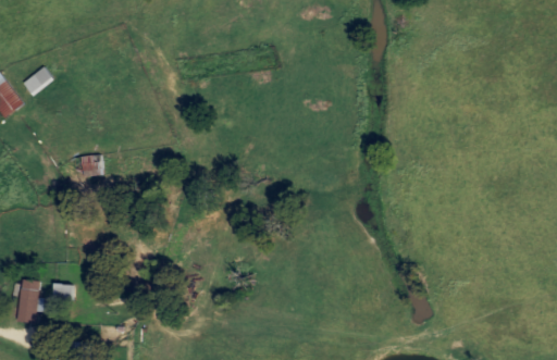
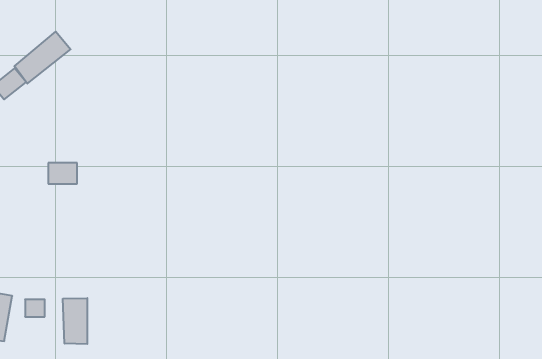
building: none -> [14,32,71,84]
building: none -> [63,298,87,344]

